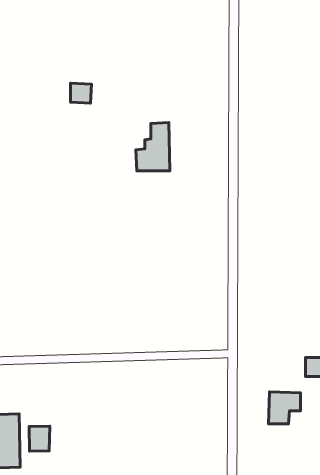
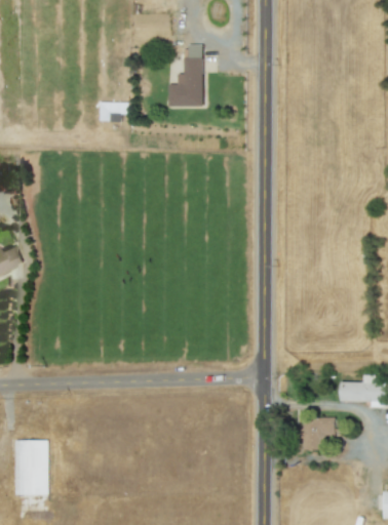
building: [136,123,170,171] -> [170,57,205,107]
building: [29,426,50,451] -> none

